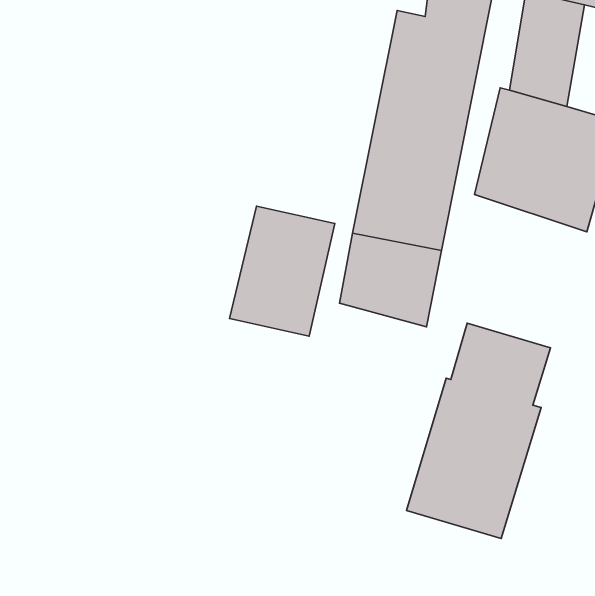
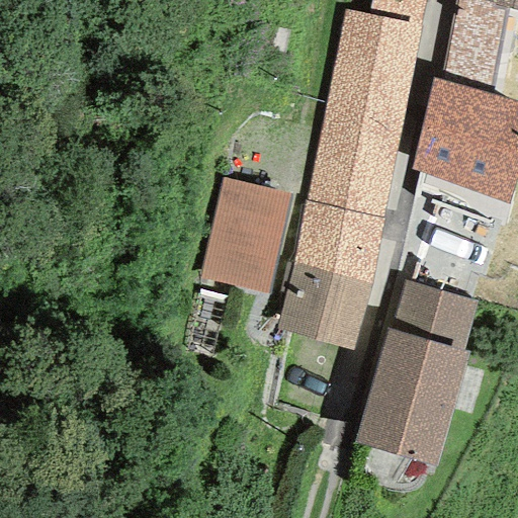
building: none -> [278,262,371,347]

